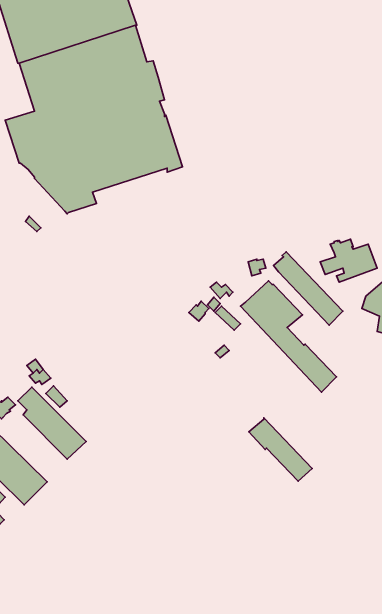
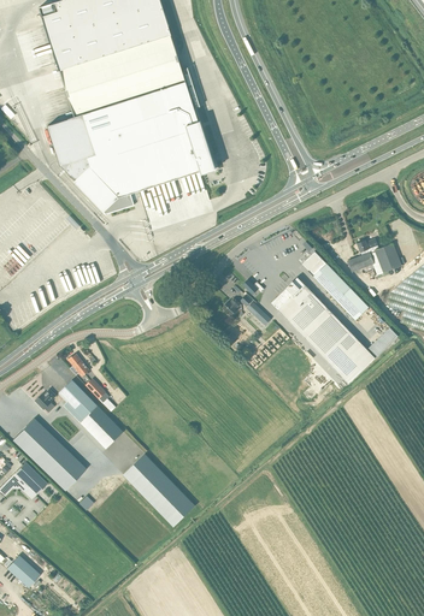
building: [249,418,312,481] -> [316,309,376,369]
building: none -> [123,454,195,527]

